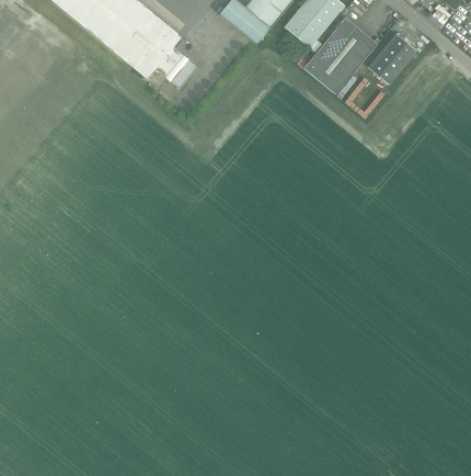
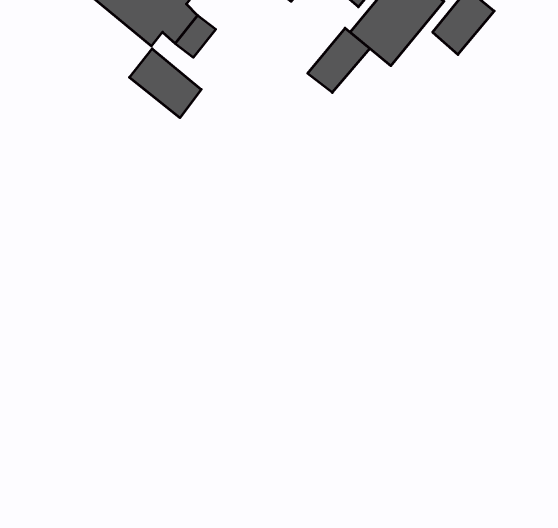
building: none -> [308,28,370,93]
building: none -> [129,49,201,118]

